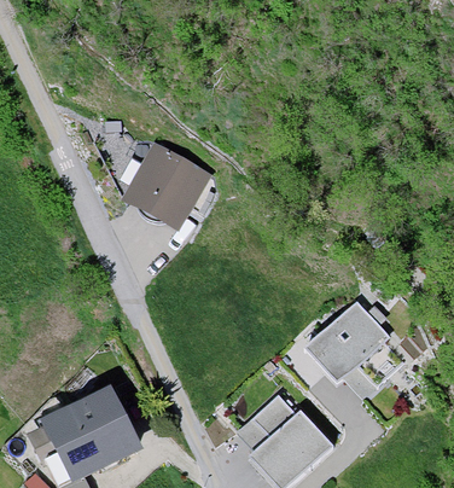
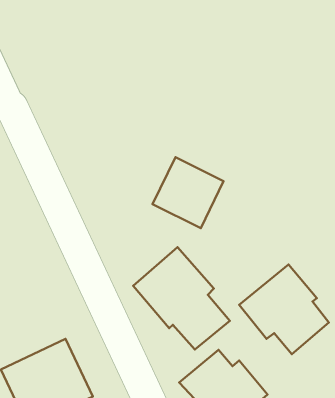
building: [123,155,202,233] -> [153,157,224,228]
building: none -> [133,247,230,350]

